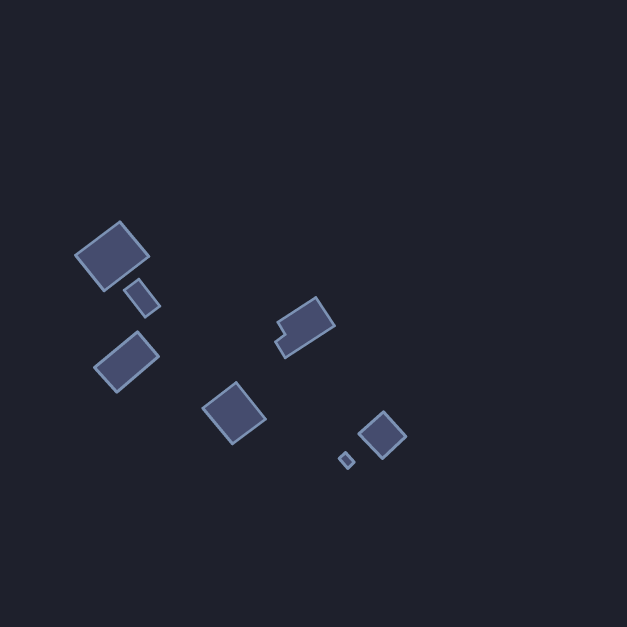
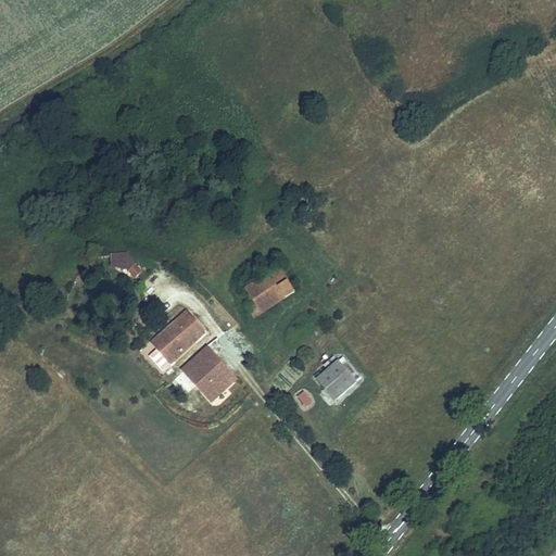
building: [76,222,149,291] -> none
building: [95,332,159,392] -> [148,311,204,364]

